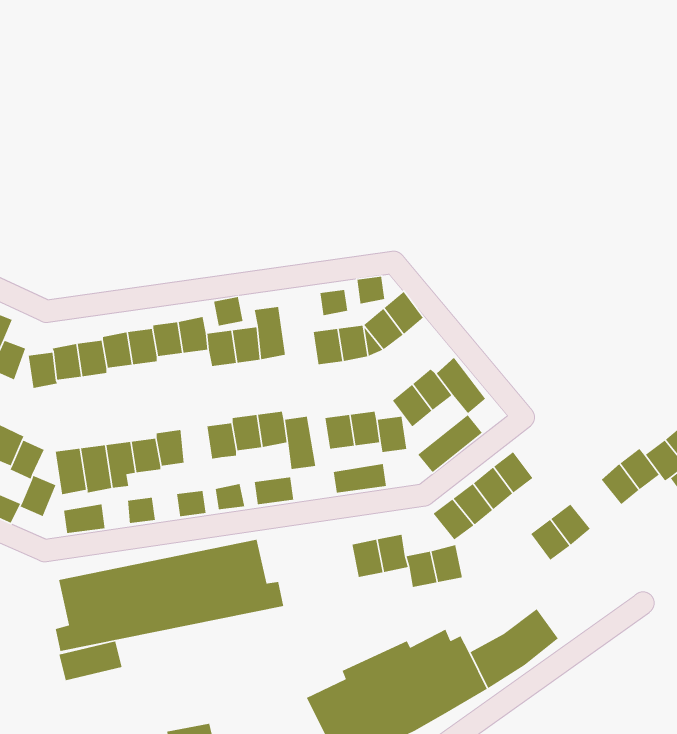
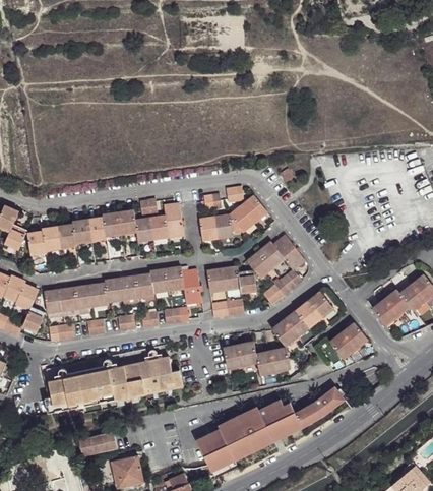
building: none -> [120,277,138,304]
building: [59,641,123,681] -> [78,432,117,456]

